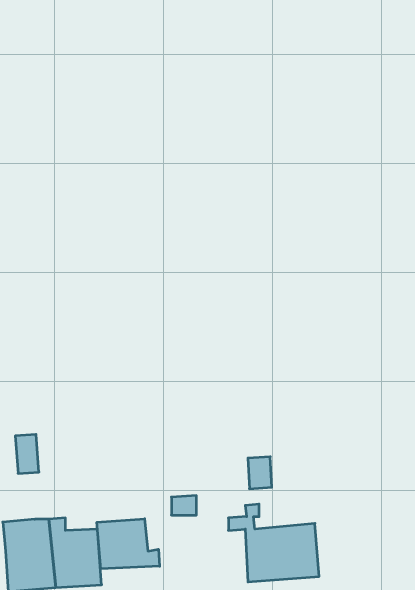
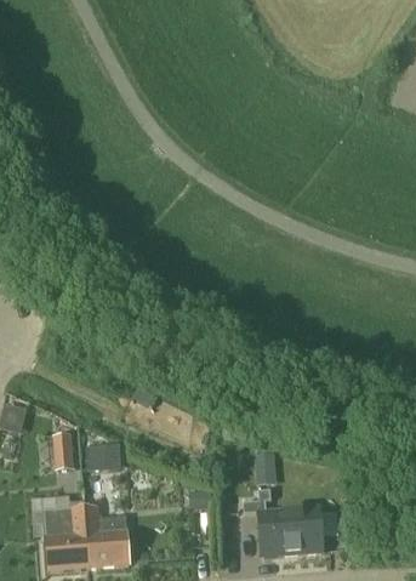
building: none -> [86,440,121,467]
building: [97,519,160,569] -> none

